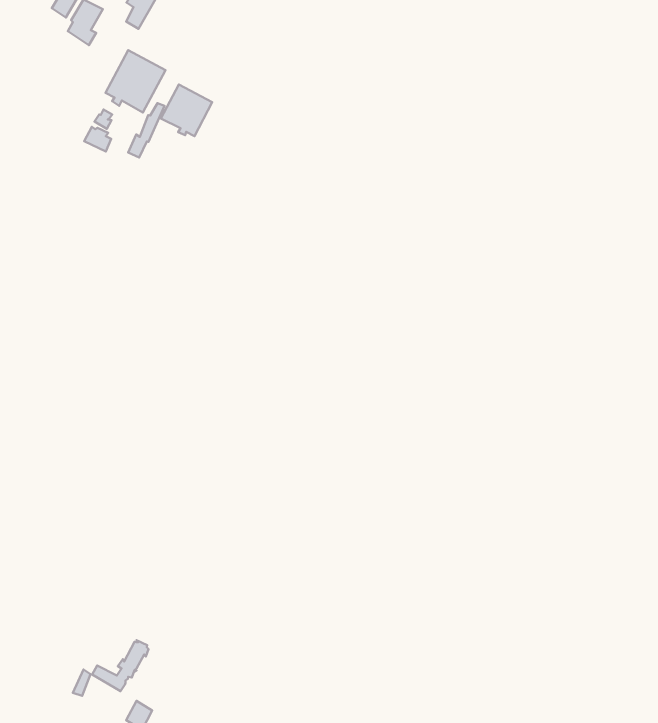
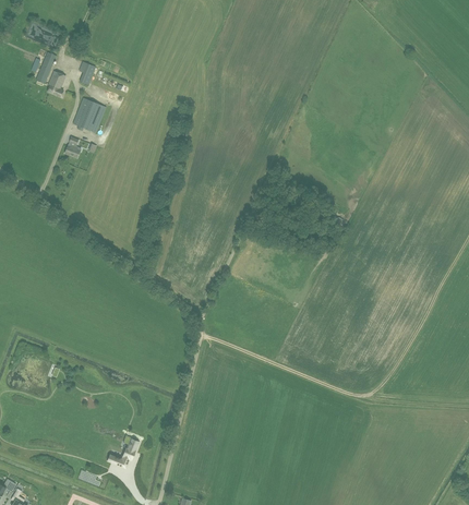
building: [161,85,212,136] -> none

